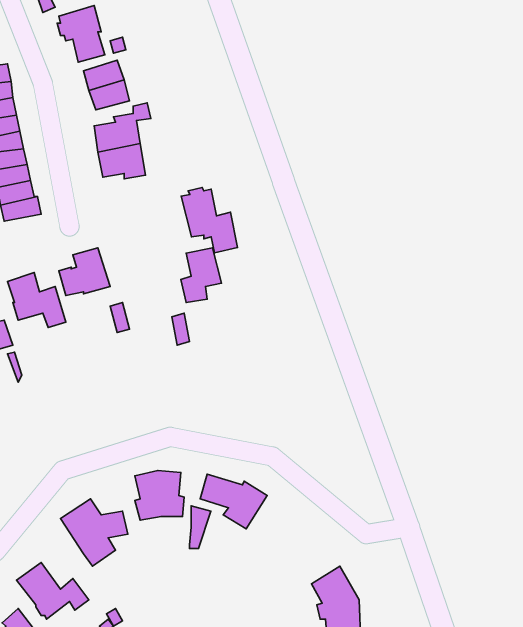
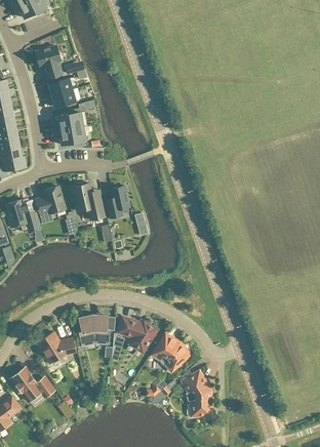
building: [181,187,238,253] -> [71,181,104,219]
building: none -> [152,333,190,371]

